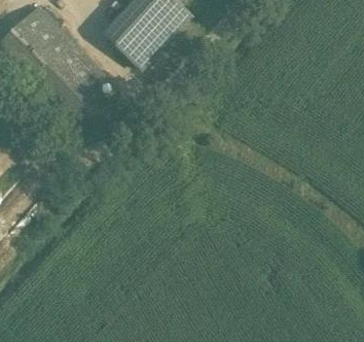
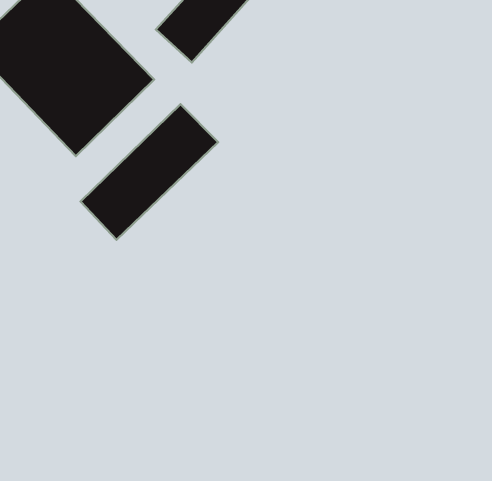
building: none -> [81,104,218,240]

